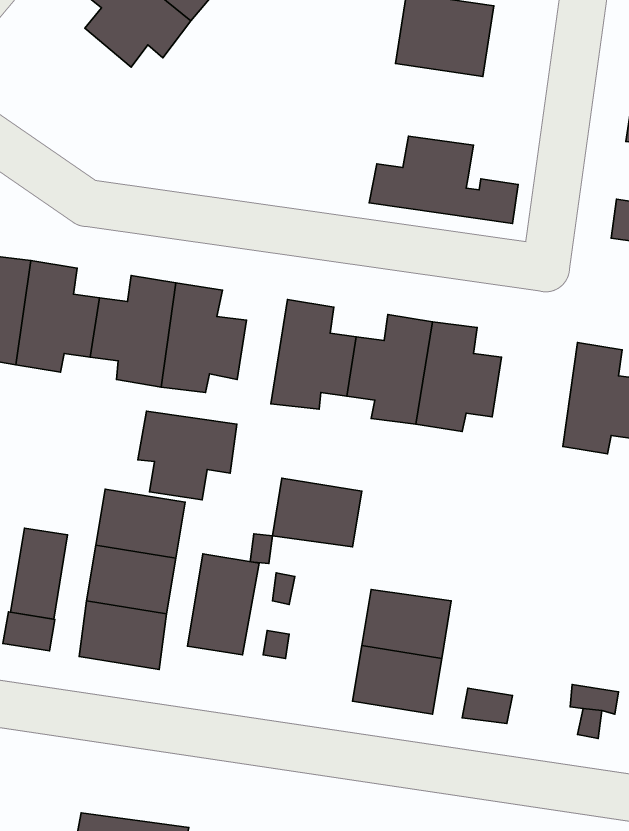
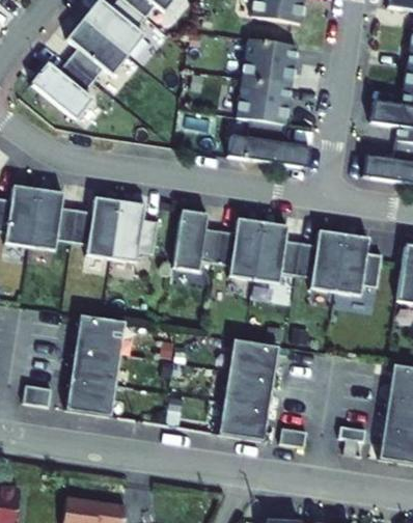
building: none -> [31,58,94,118]
building: none -> [237,78,291,123]
building: none -> [296,230,343,292]
building: [138,411,237,500] -> none
building: [273,478,362,547] -> [228,339,278,378]
building: [11,528,68,619] -> none
building: [188,554,259,655] -> none

